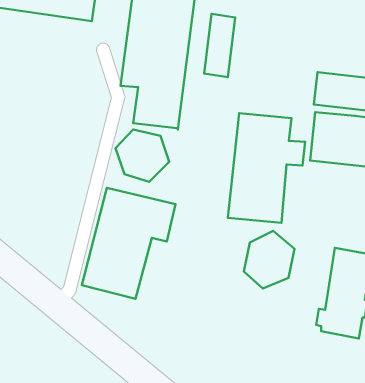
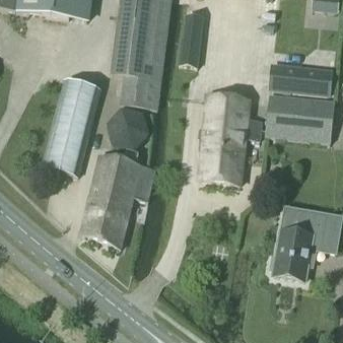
building: none -> [43,78,100,176]
building: [244,231,294,288] -> none

